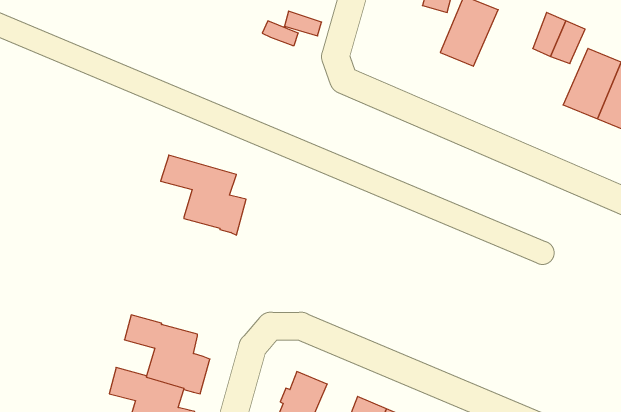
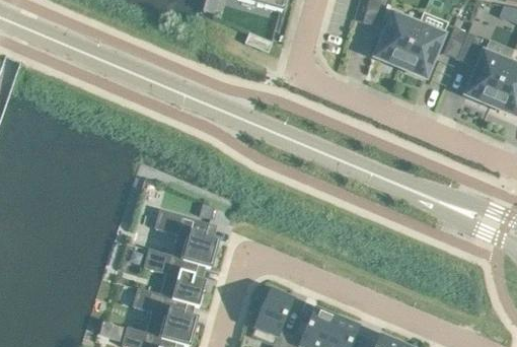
building: none -> [399,23,442,76]
building: [161,155,246,235] -> [153,208,216,267]

